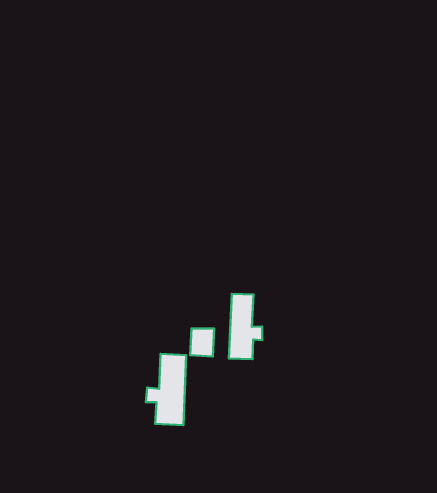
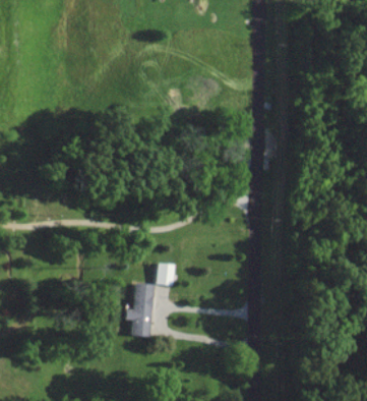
building: [229,294,262,359] -> none

